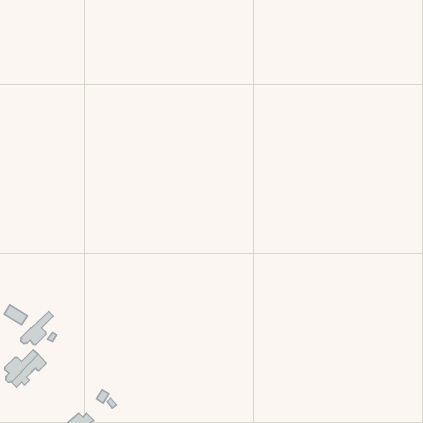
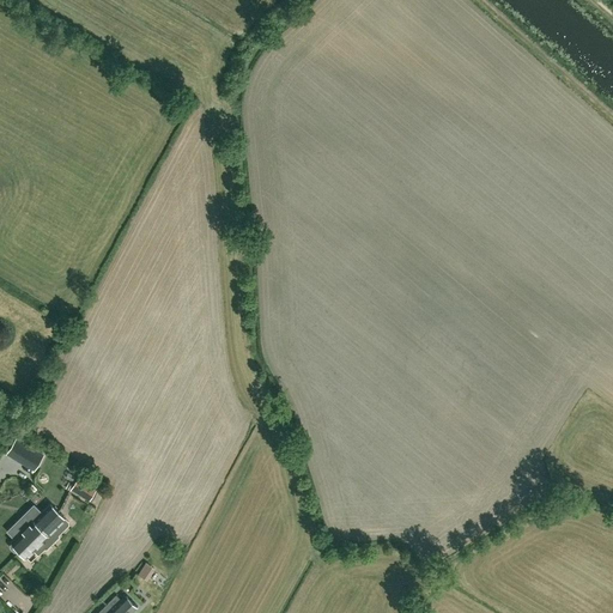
building: [21,311,53,344] -> none

